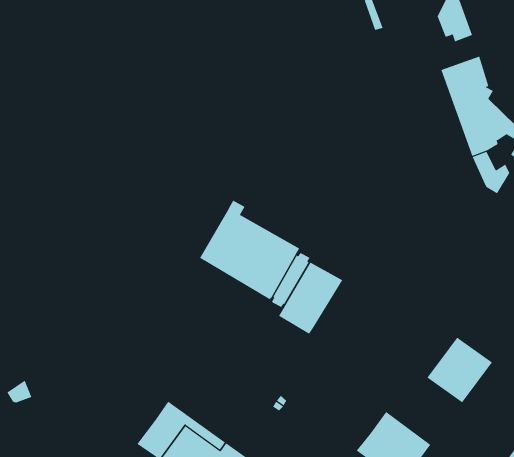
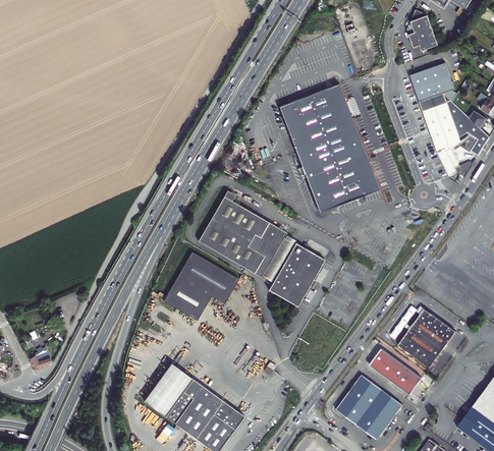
building: none -> [279,83,380,211]
building: none -> [164,250,238,319]
building: none -> [369,347,426,393]

